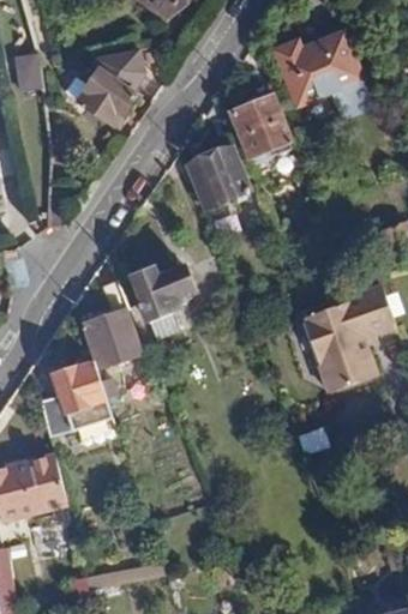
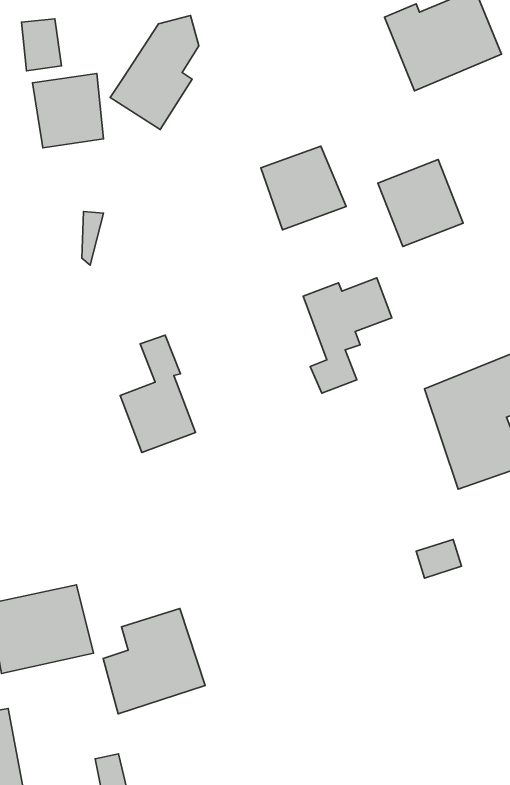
building: [229,91,290,154] -> [378,160,463,247]
building: none -> [33,74,103,148]
building: [132,266,196,349] -> [303,278,392,393]
building: [40,363,113,439] -> [103,608,205,714]

